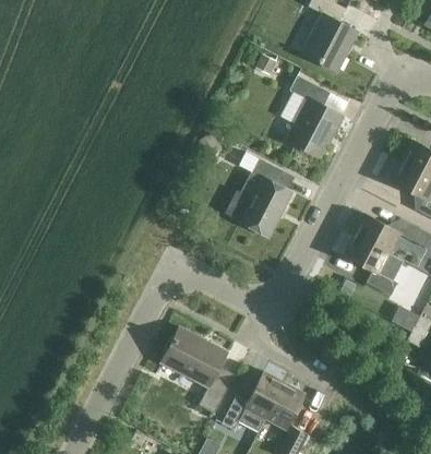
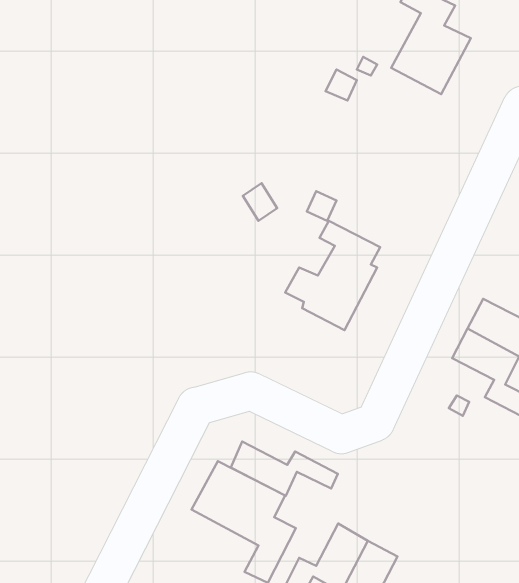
building: [280,76,340,156] -> none
building: none -> [231,442,338,496]

